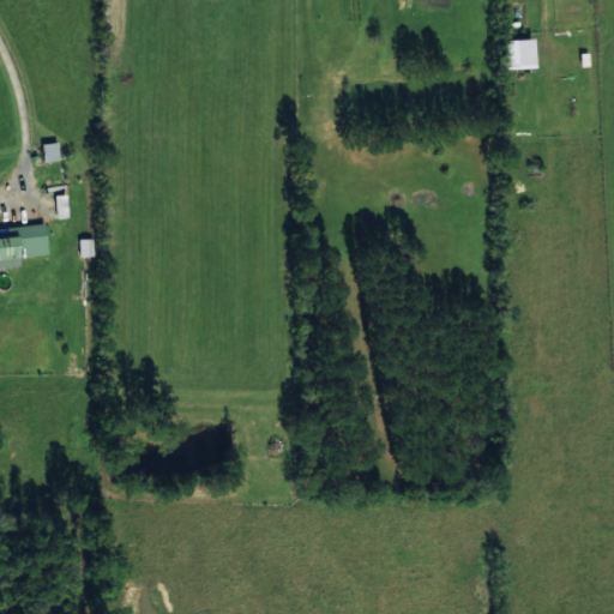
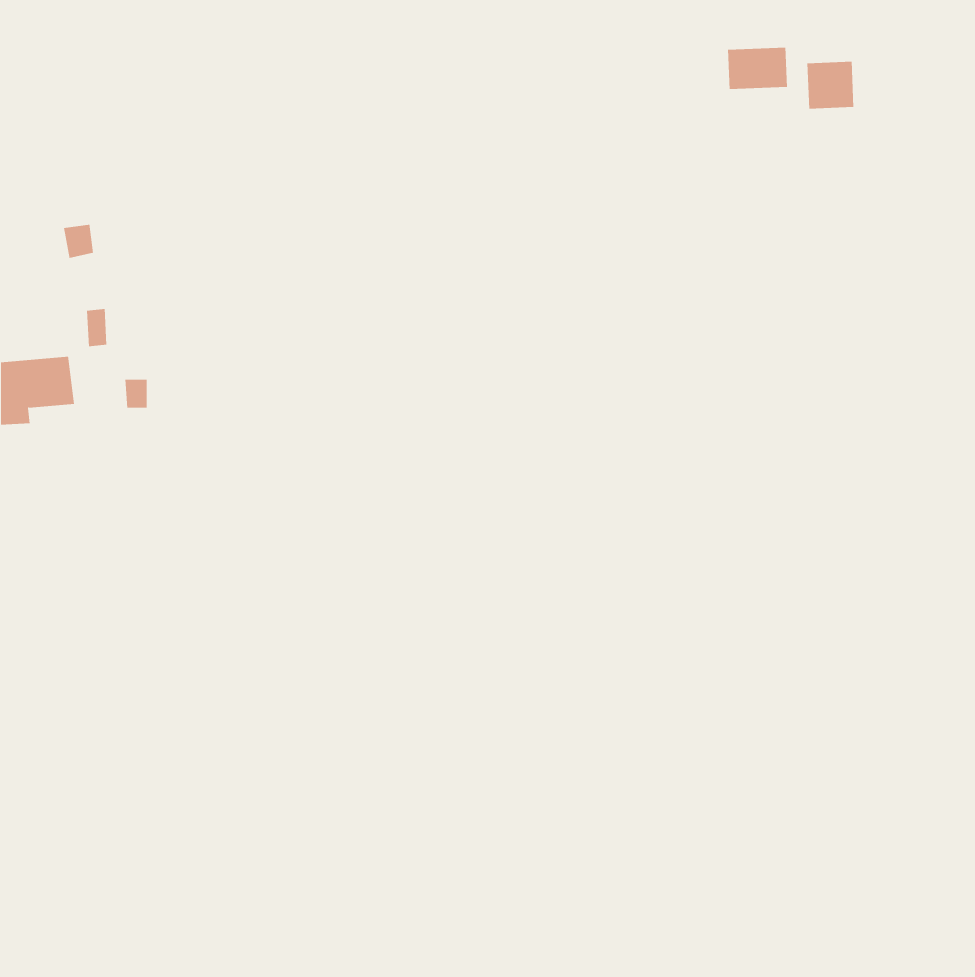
building: none -> [728,47,787,90]

